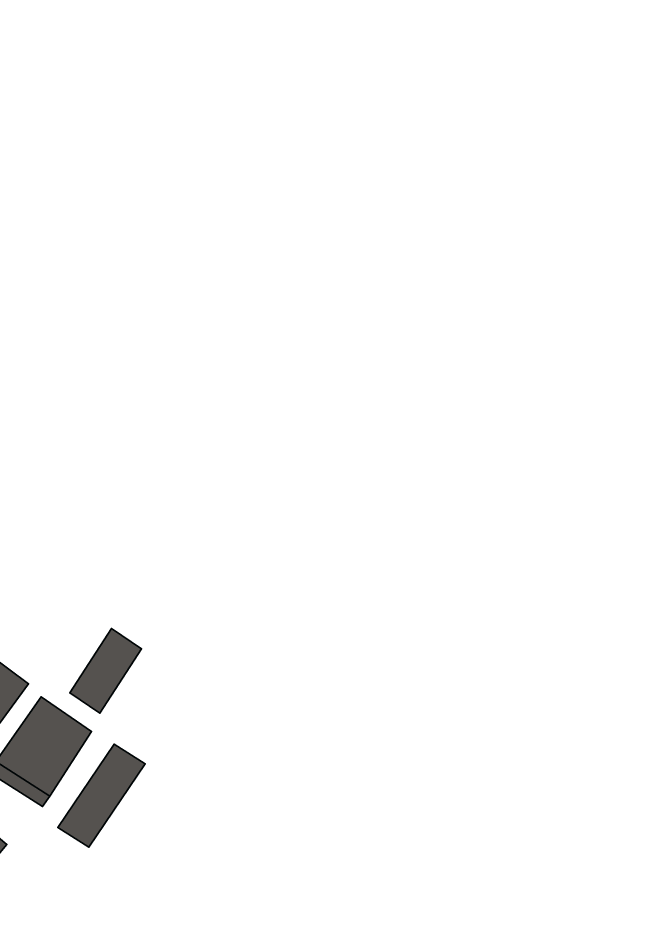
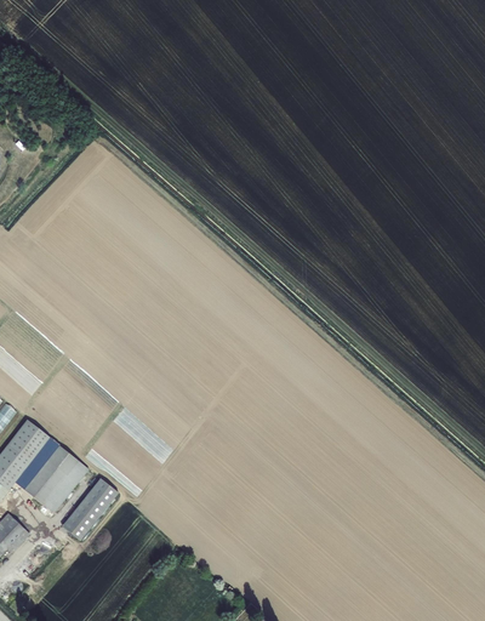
building: [70,629,142,713] -> none

